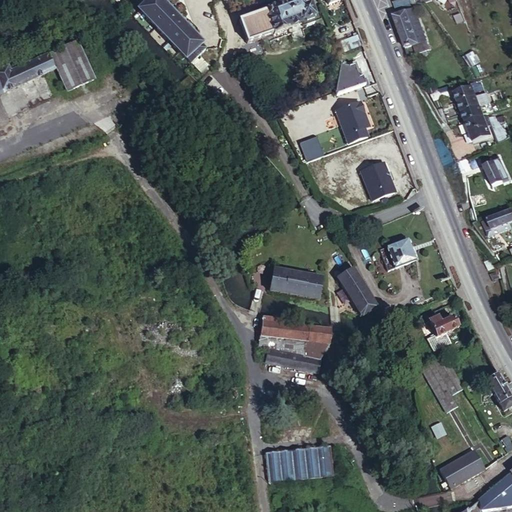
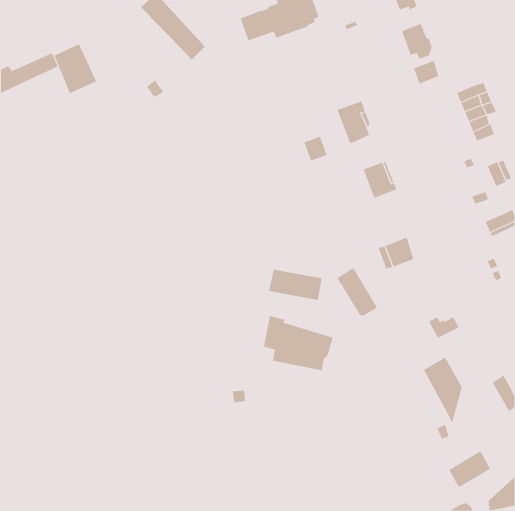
building: [392,7,418,31] -> [413,60,439,84]
building: [340,66,363,89] -> none
building: [271,443,339,478] -> none

